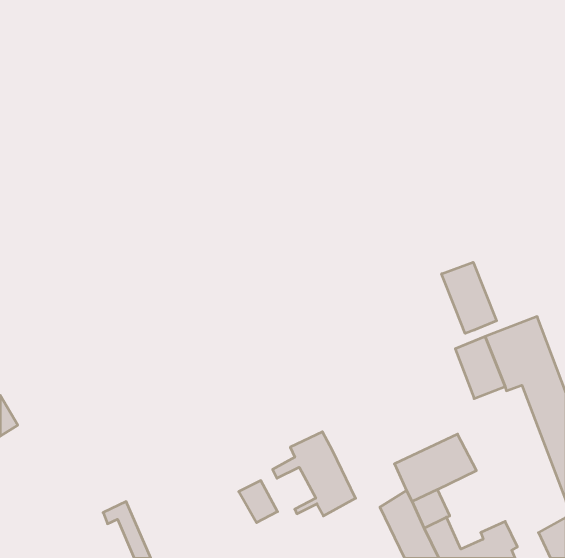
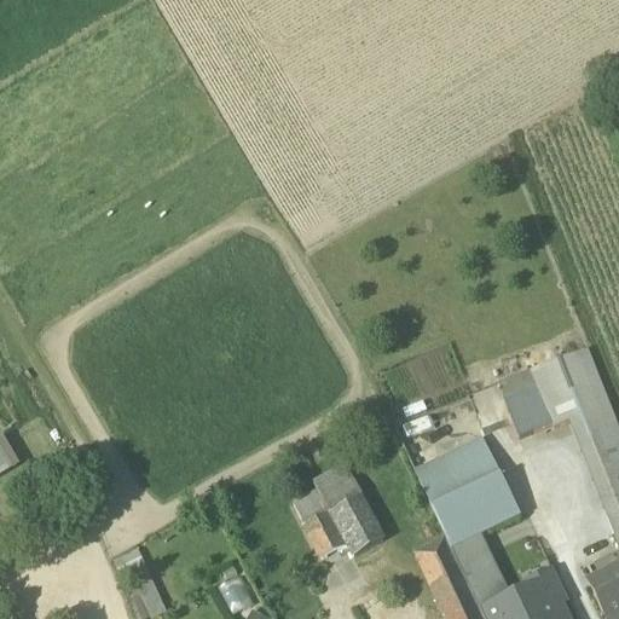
building: [442,262,497,333] -> none
building: none -> [411,428,501,507]
building: [239,481,278,523] -> [303,510,346,556]

